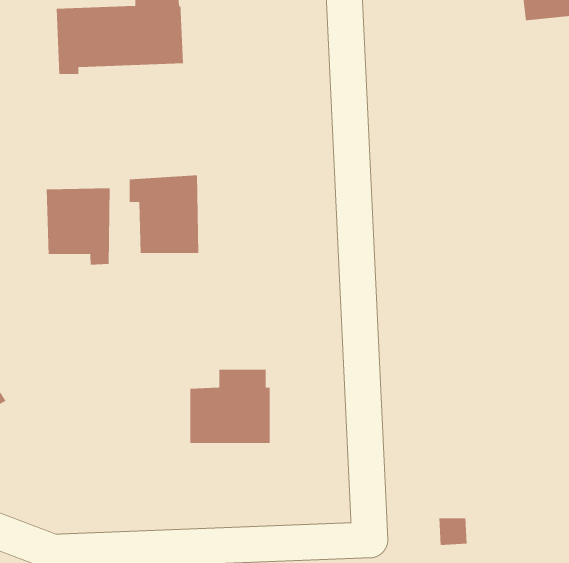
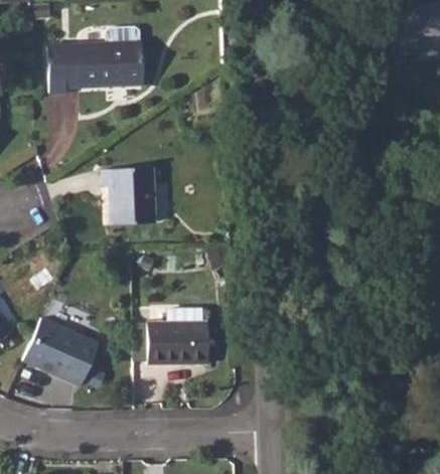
building: [46,188,110,265] -> none
building: none -> [23,318,100,385]

